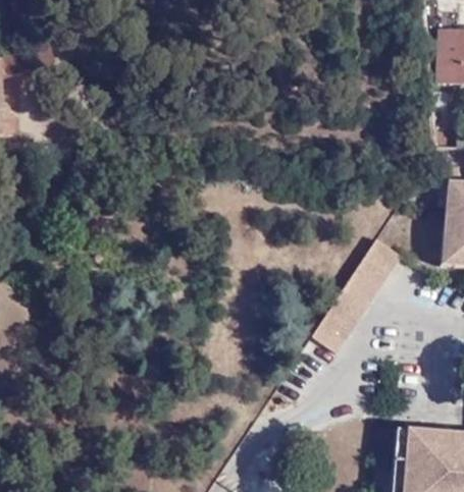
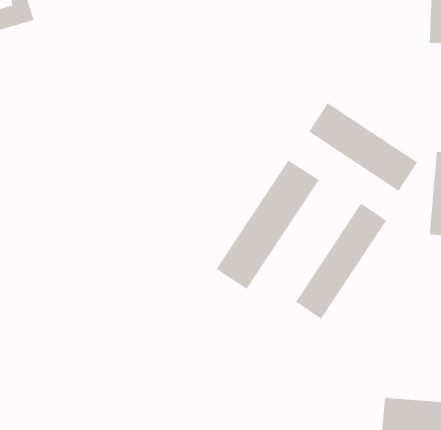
building: none -> [308,102,418,192]
building: none -> [215,159,320,290]

